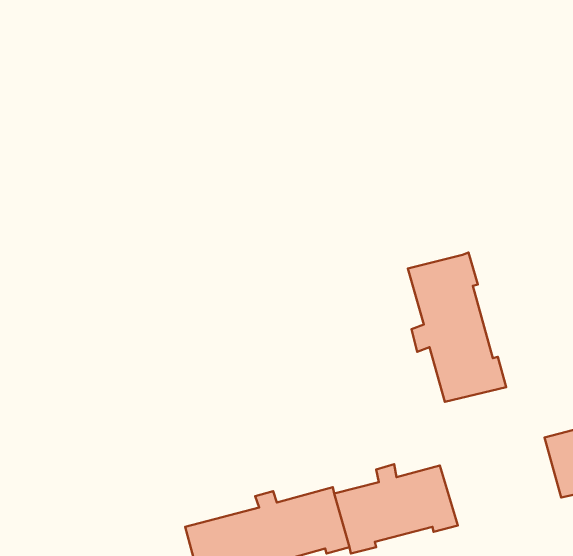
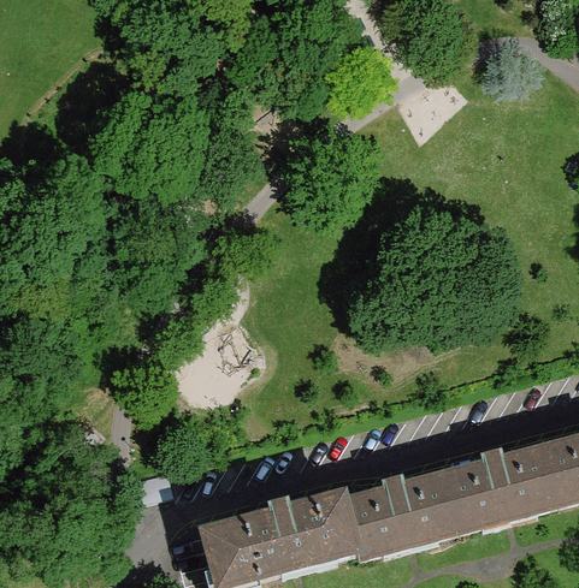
building: [408,253,506,402] -> none
building: none -> [445,447,560,530]

